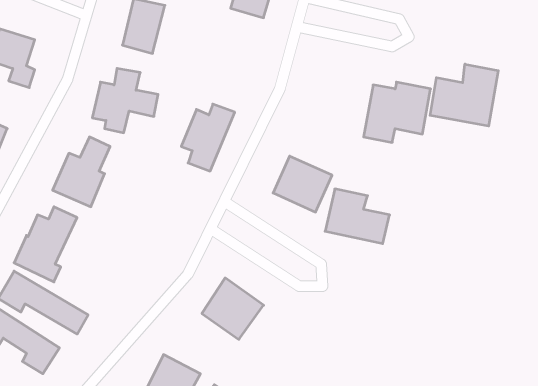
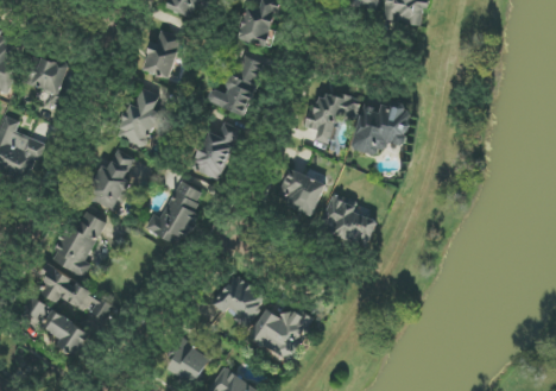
building: none -> [207,53,265,115]
building: [430,64,498,126] -> none
building: none -> [307,89,358,143]
building: none -> [145,179,204,245]
building: none -> [249,305,312,358]

